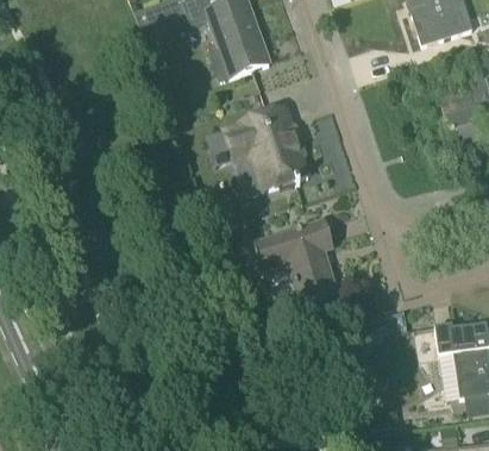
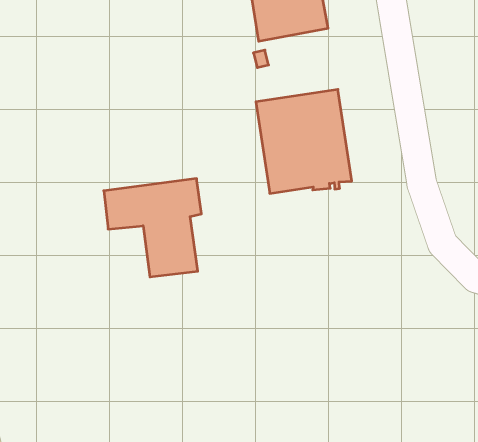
building: [255,220,337,301] -> [104,179,201,277]

